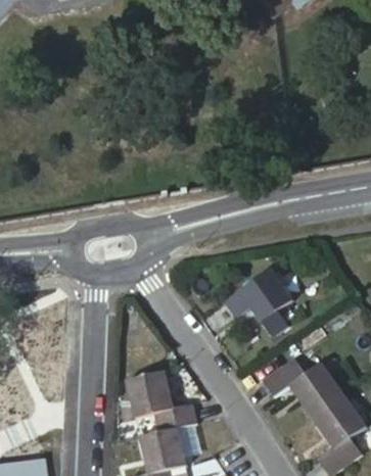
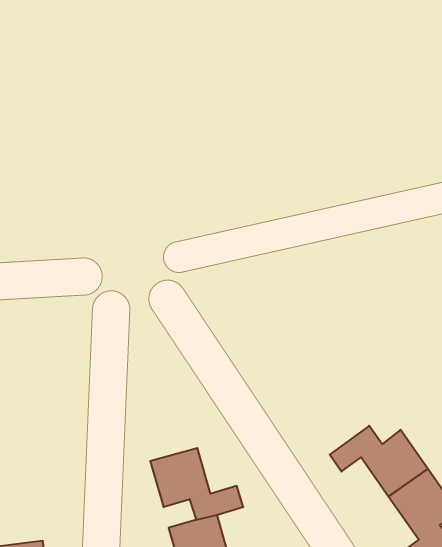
building: [230,274,295,340] -> none

